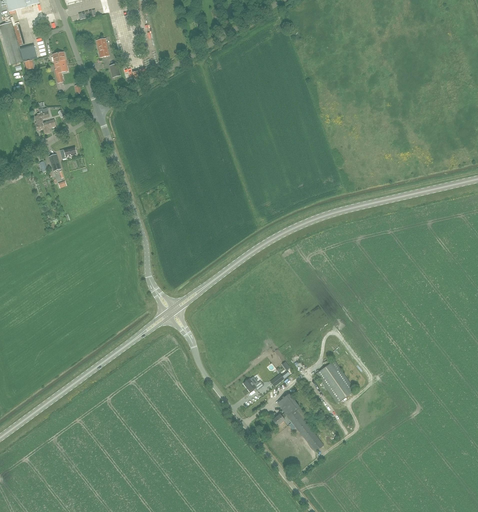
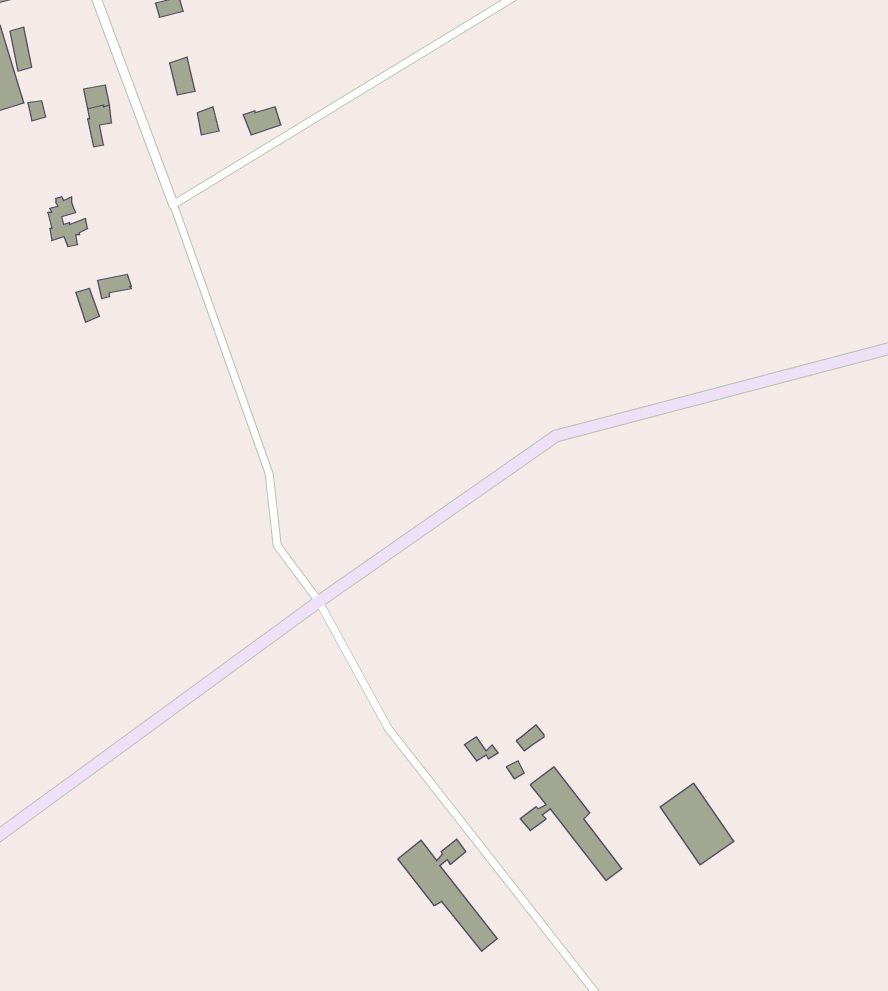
building: [317,360,354,401] -> [660,783,734,865]
building: none -> [398,839,497,951]

